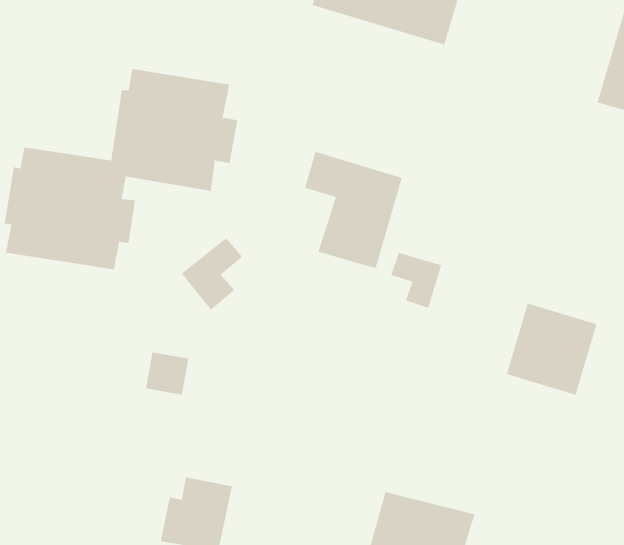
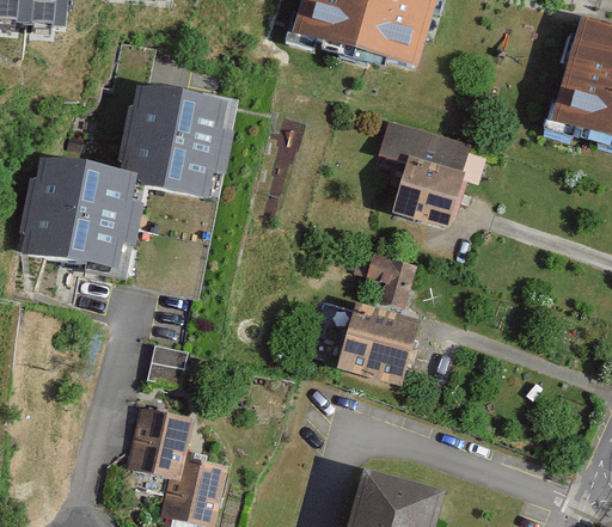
building: [304,151,403,269] -> [380,118,469,225]
building: [181,237,243,311] -> none
building: [506,303,598,396] -> [337,300,420,384]
building: none -> [129,405,191,474]

